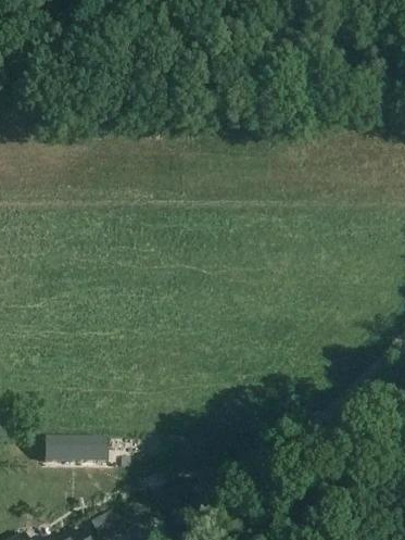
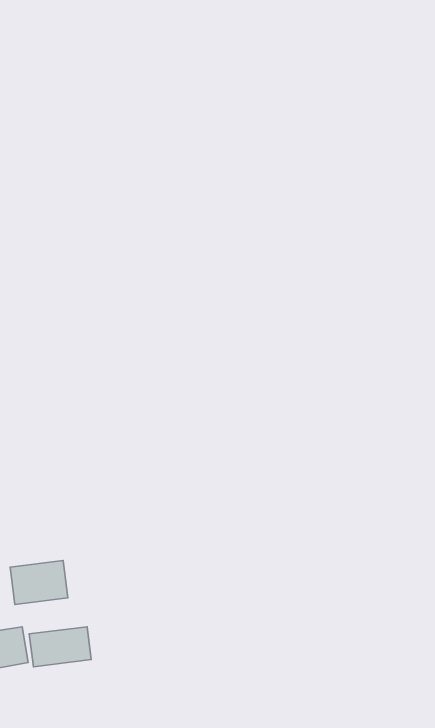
building: none -> [10,561,68,605]

